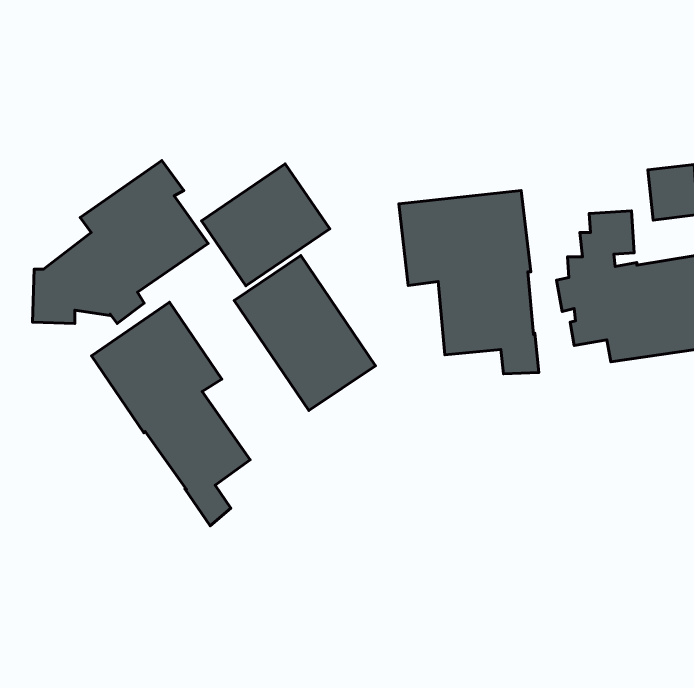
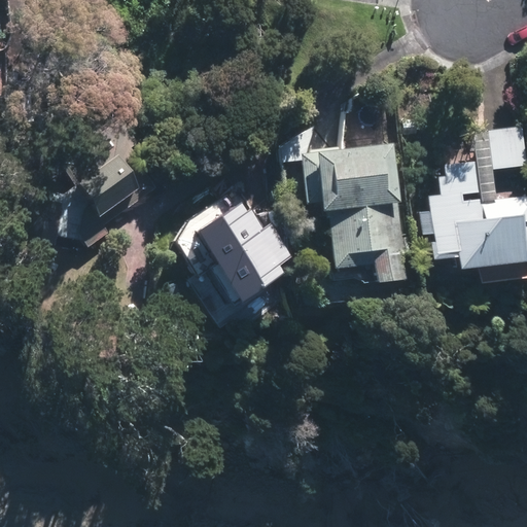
building: [201,164,330,286] -> none
building: [92,302,250,526] -> none

